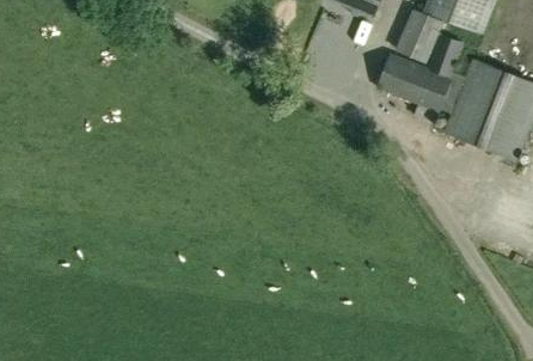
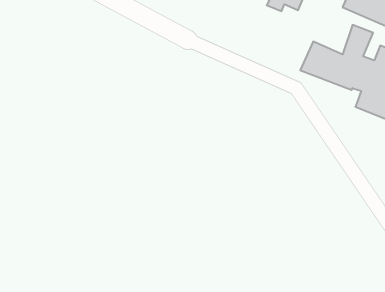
building: [396,10,441,61] -> none

